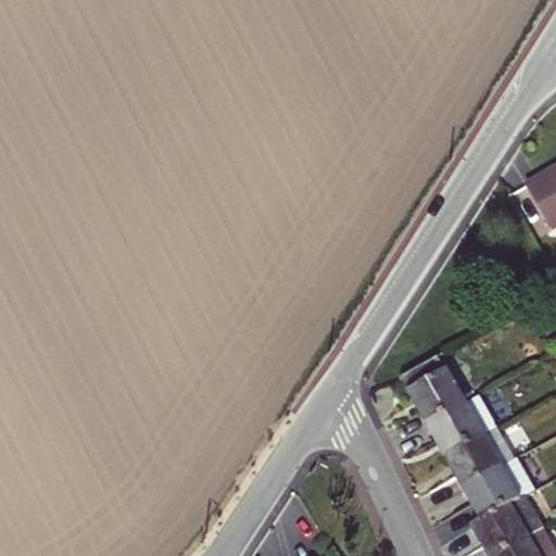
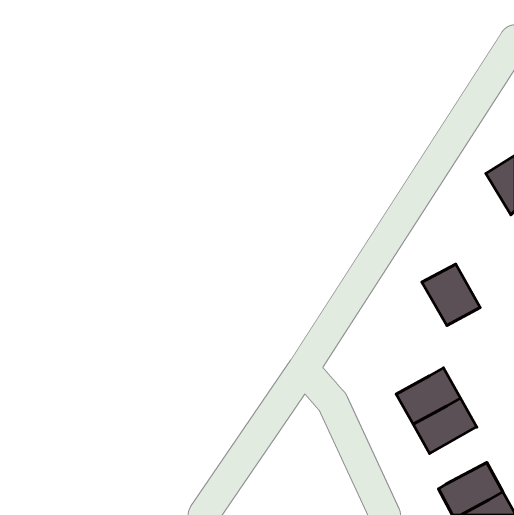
building: [401,358,464,425] -> [422,264,480,325]
building: [464,460,532,521] -> none

